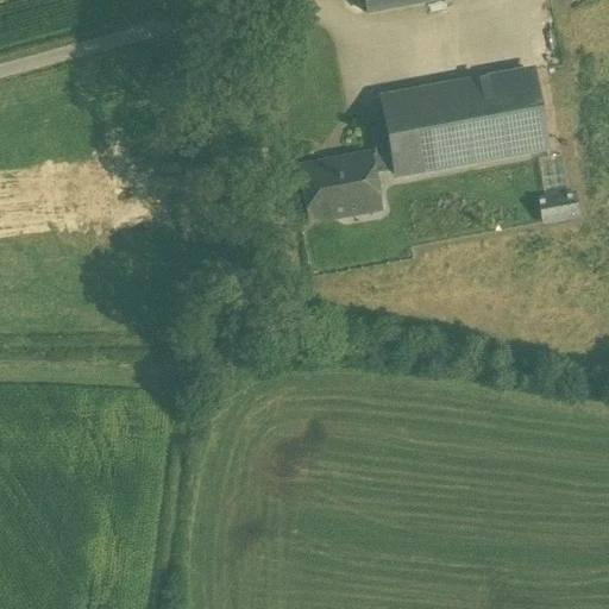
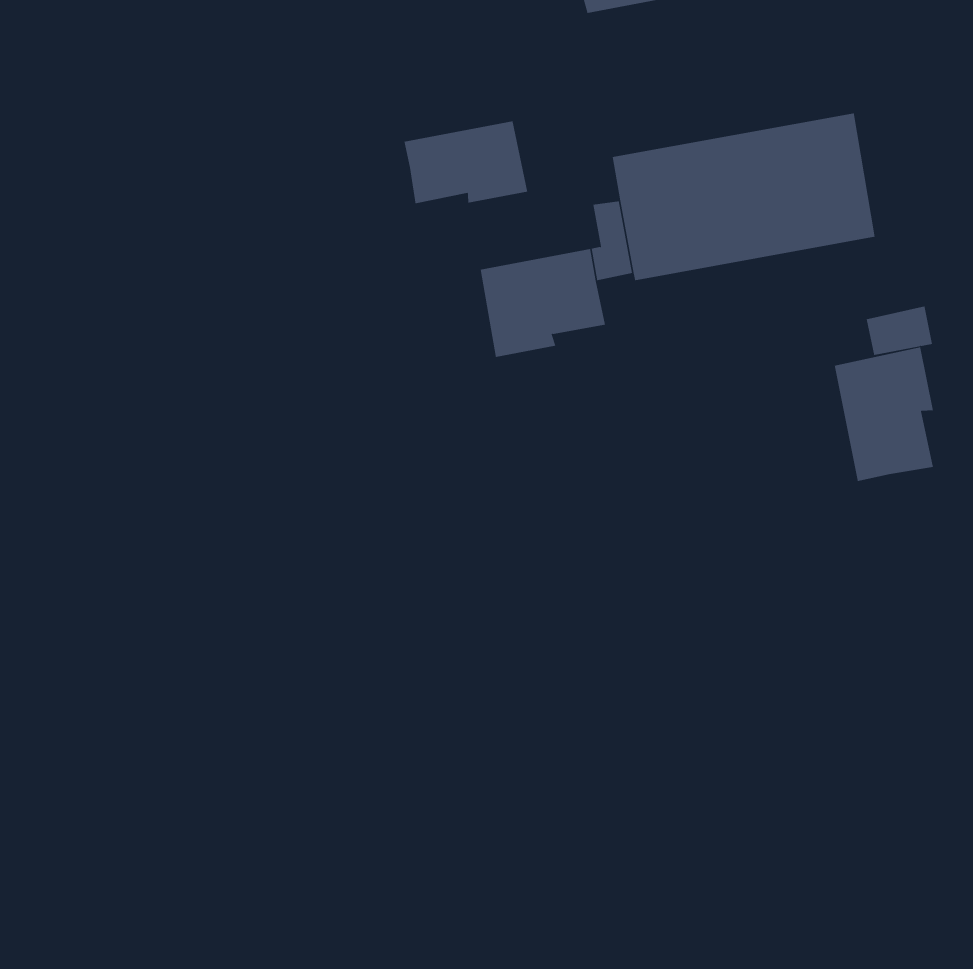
building: none -> [404,121,528,204]
building: none -> [834,346,934,482]

